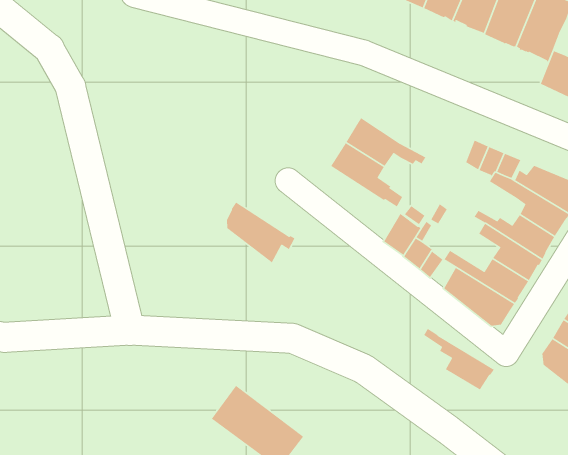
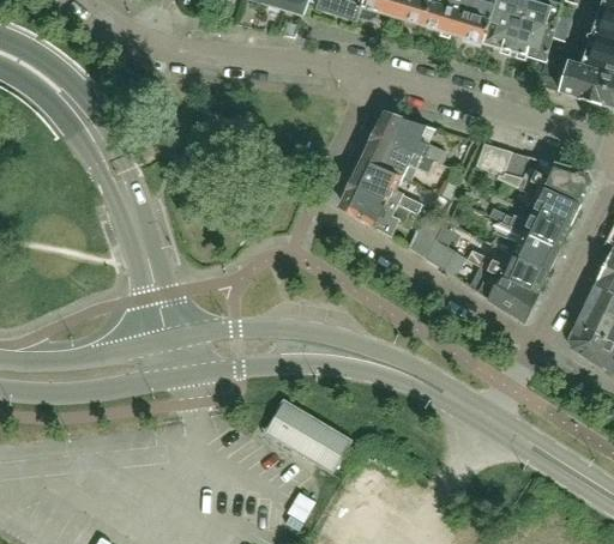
building: none -> [374,114,446,163]
building: [226,201,295,264] -> [343,181,410,236]
building: [423,328,495,391] -> none

